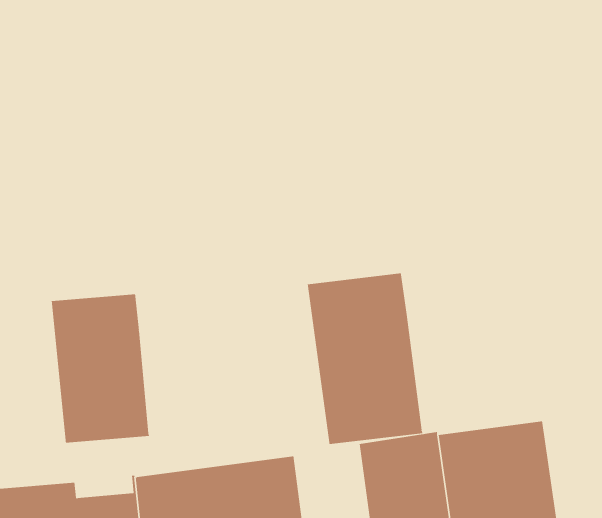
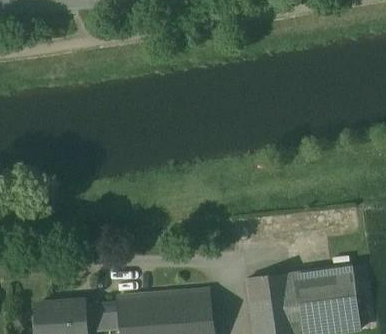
building: [307,272,423,445] -> none
building: [51,293,150,444] -> none

